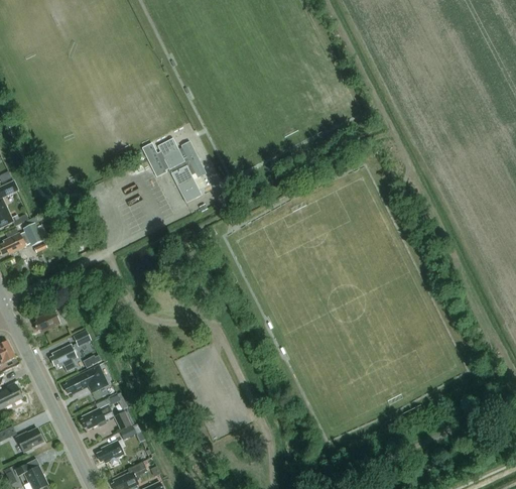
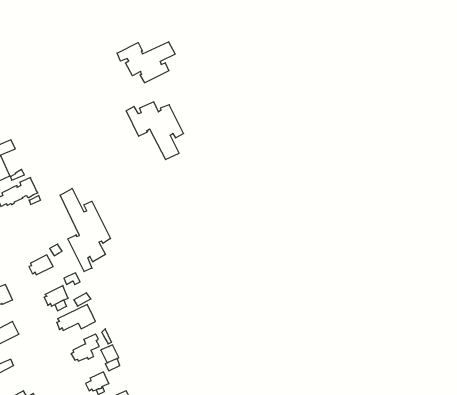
building: none -> [117,42,175,83]
building: none -> [60,188,111,272]
building: [16,427,44,453] -> none

